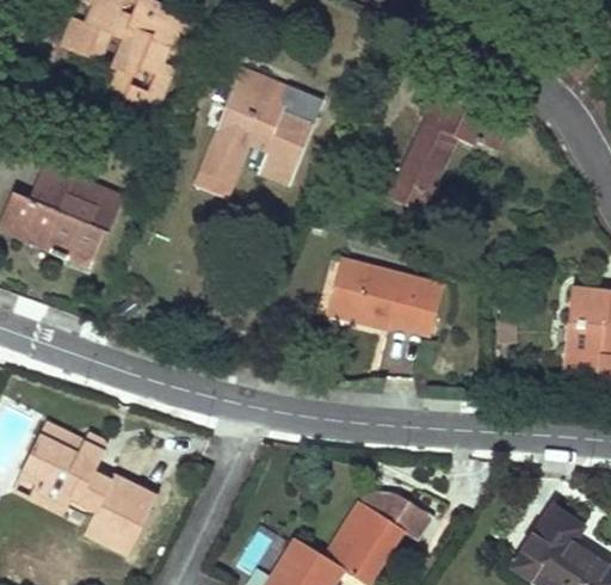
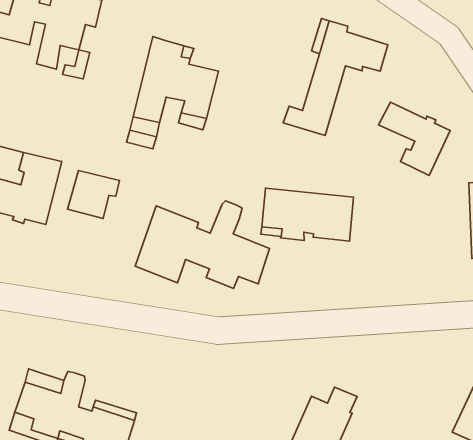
building: none -> [378,102,450,176]
building: none -> [68,170,120,218]
building: none -> [135,201,270,289]

